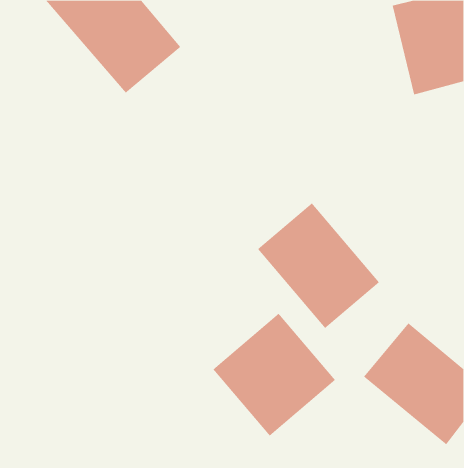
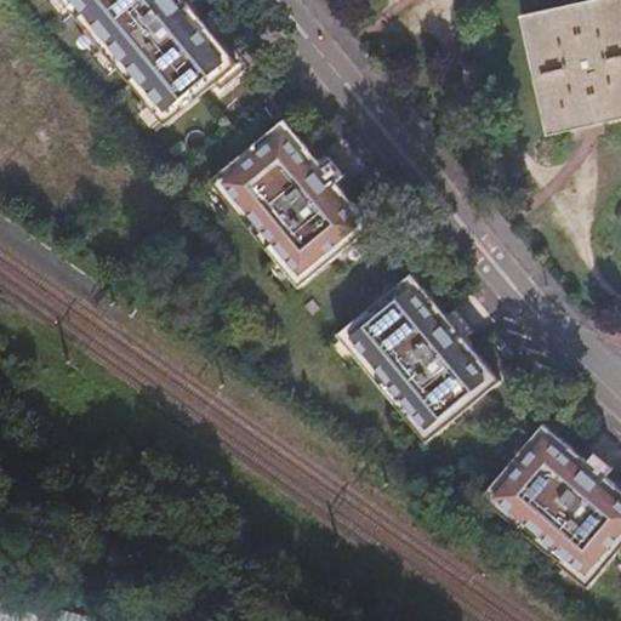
building: none -> [211,116,374,284]
building: [213,313,336,436] -> none

